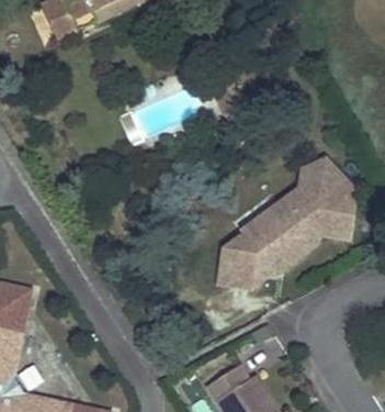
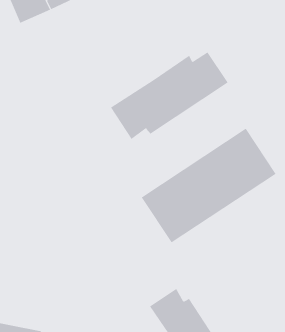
building: none -> [110,52,228,140]

